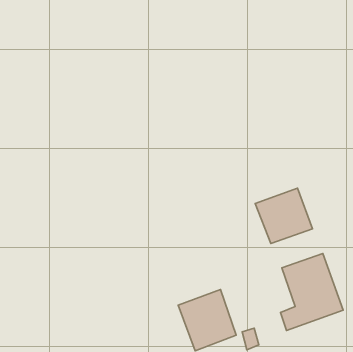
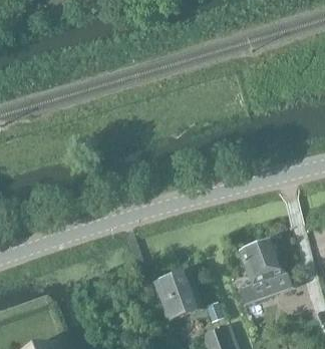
building: [255,188,312,243] -> none

